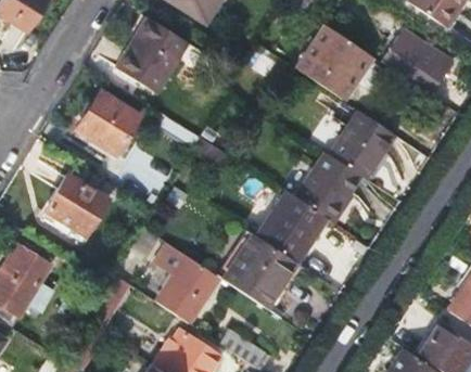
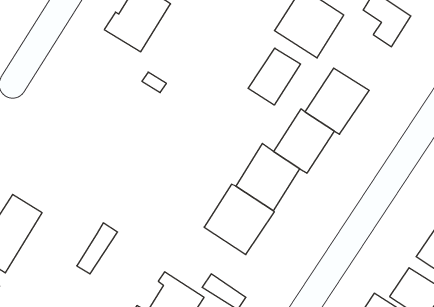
building: none -> [248,48,301,105]
building: [76,91,140,154] -> none
building: [43,163,120,235] -> none
building: [158,245,222,324] -> none

